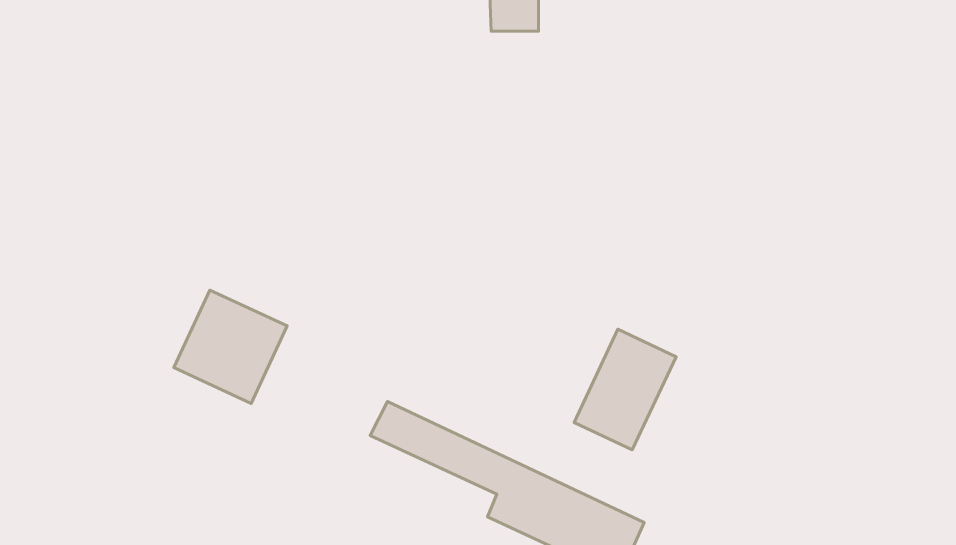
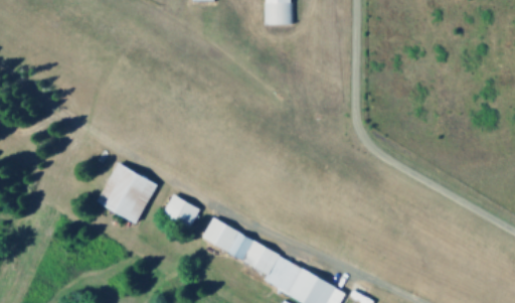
building: [574,329,676,450] -> none
building: none -> [163,194,200,228]

